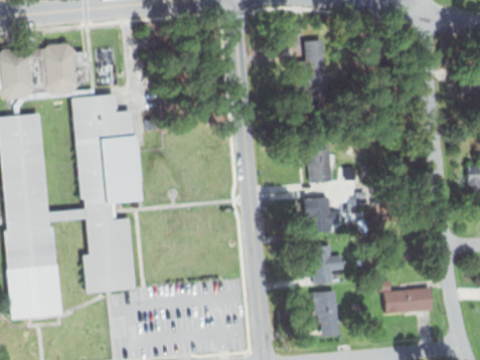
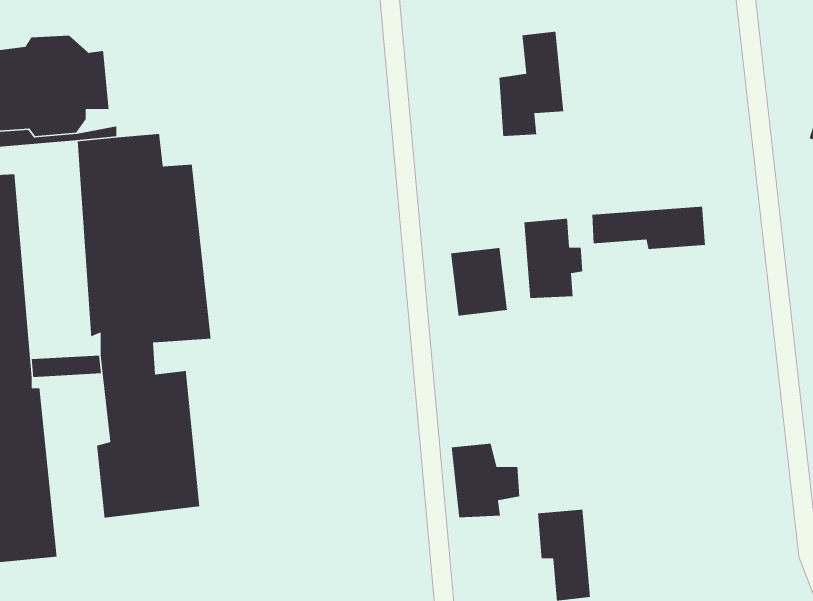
building: none -> [592,206,706,250]
building: [302,197,332,233] -> [450,247,508,316]
building: [308,245,344,285] -> [451,443,520,518]
building: [378,283,434,315] -> none

